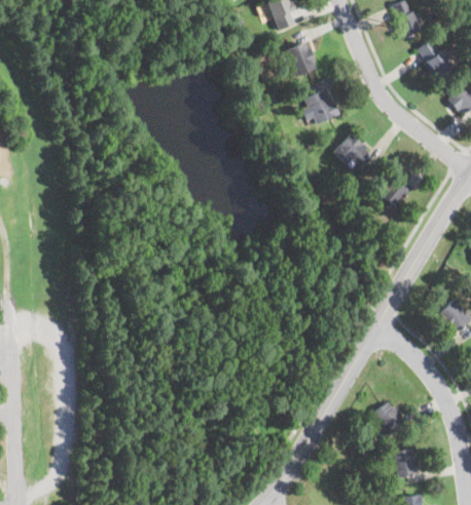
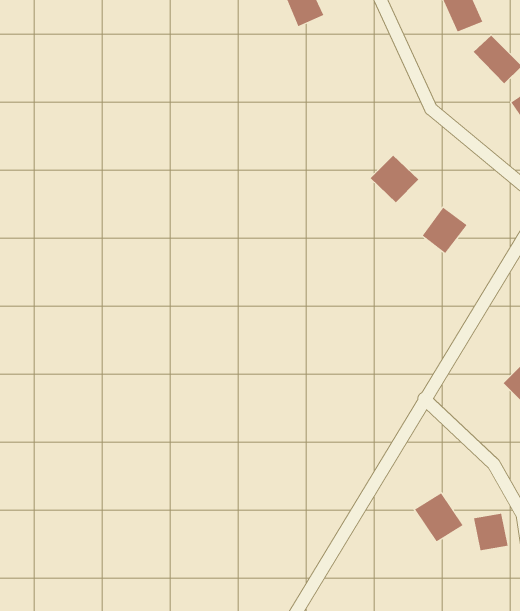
building: [285,43,318,78] -> none
building: [299,91,336,127] -> none
building: [391,446,419,476] -> [473,513,508,551]

